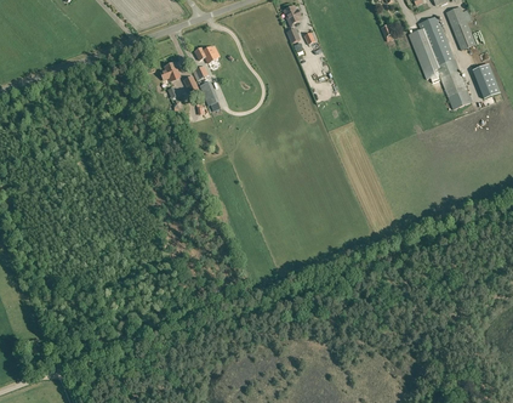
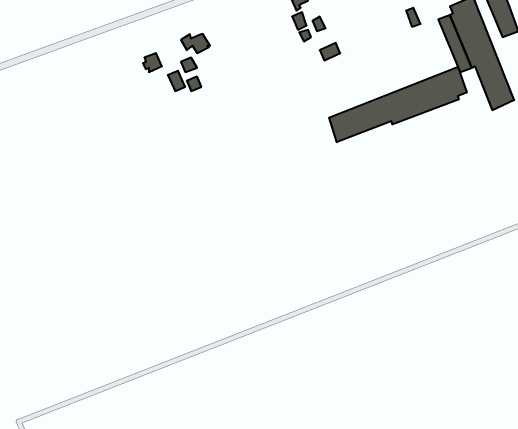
building: none -> [329,67,467,142]

